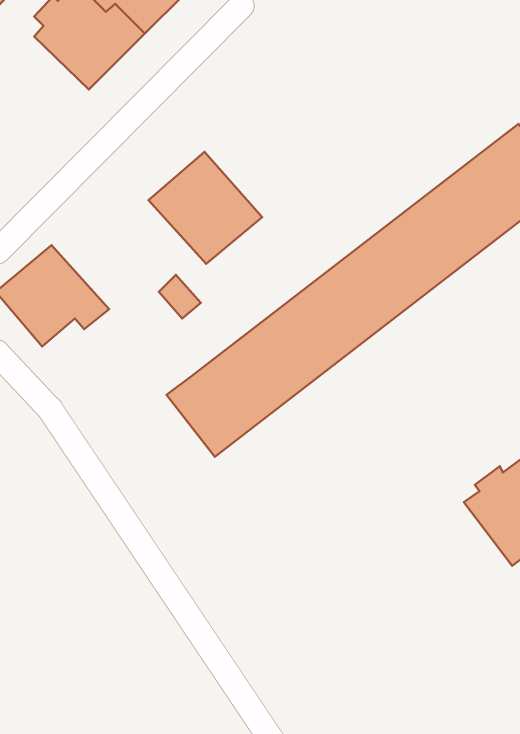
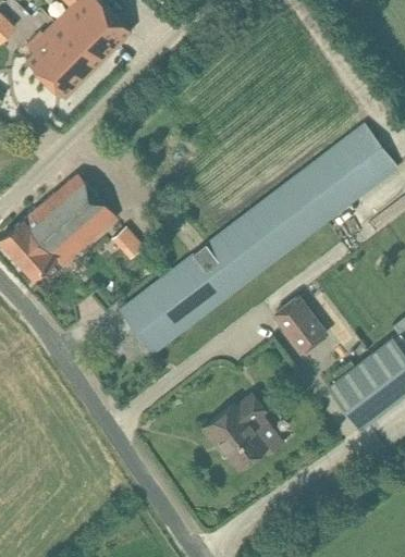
building: [148,152,262,264] -> [37,173,116,251]
building: none -> [275,297,323,352]
building: none -> [201,396,284,467]

